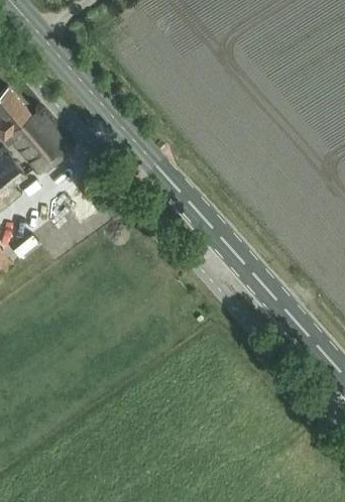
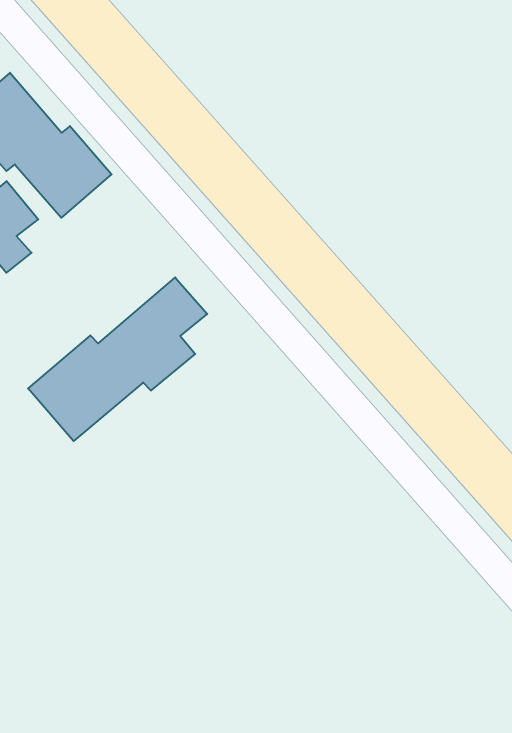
building: none -> [28,277,207,441]

